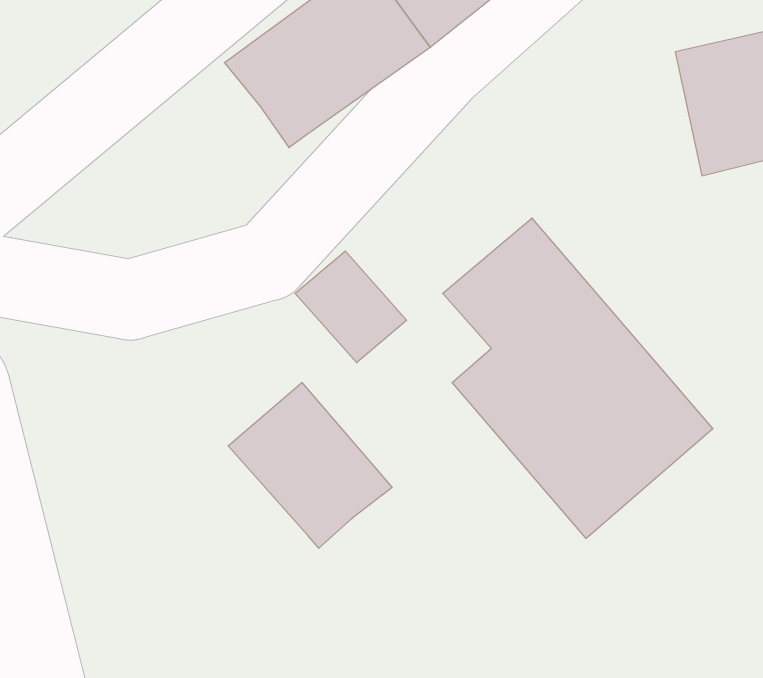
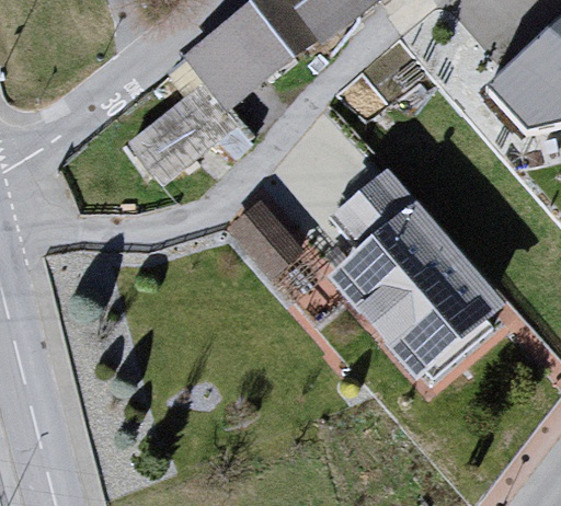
building: none -> [126,89,242,185]
building: [228,382,392,548] -> none

